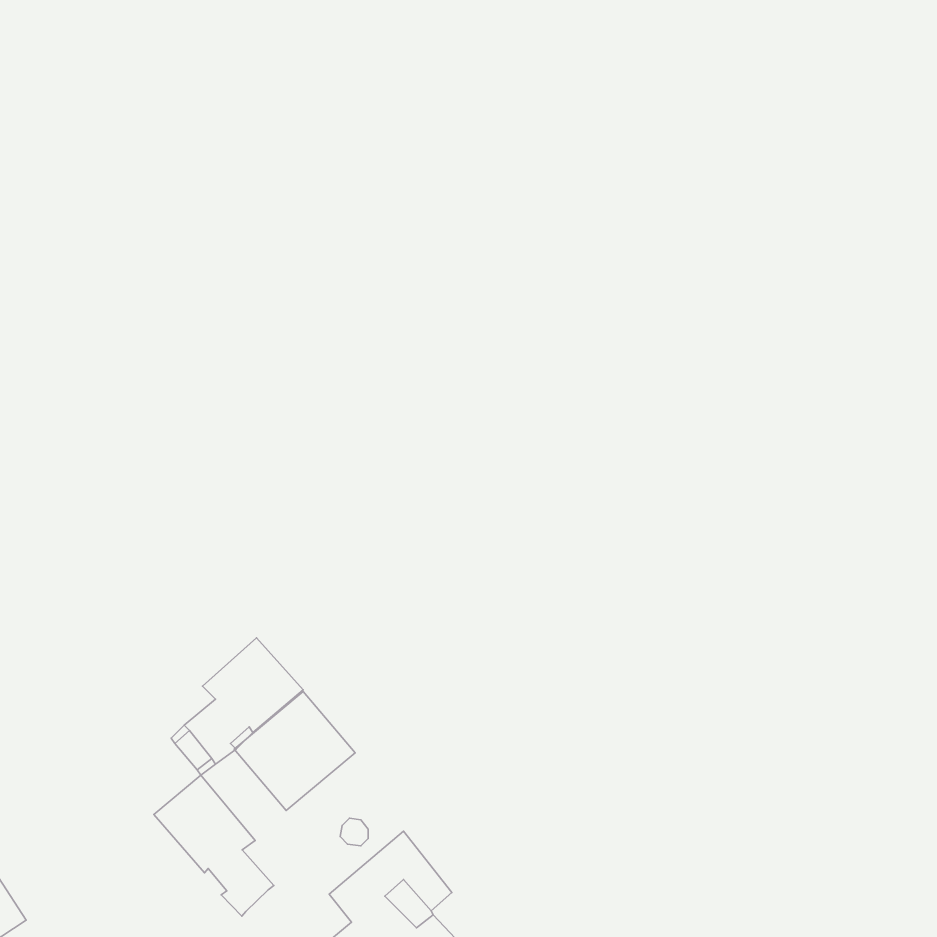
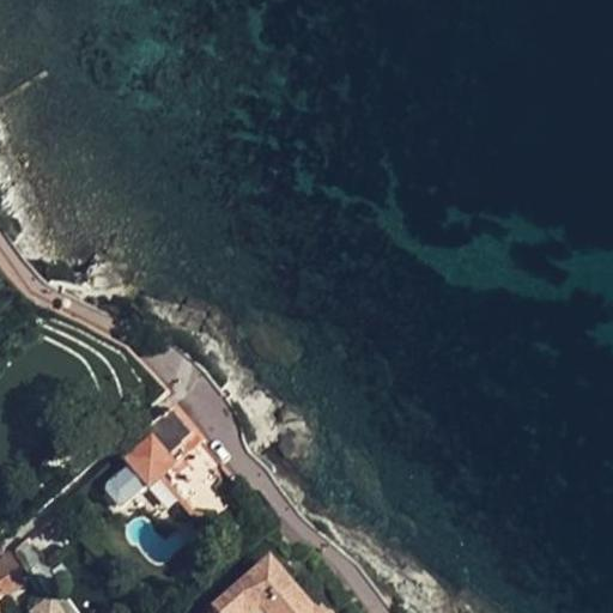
building: [154,775,274,916] -> none

